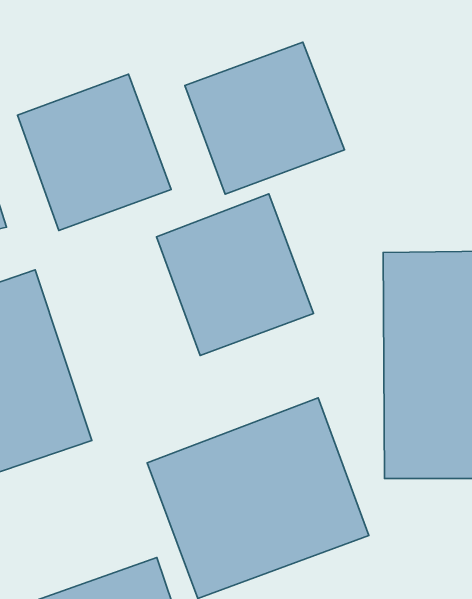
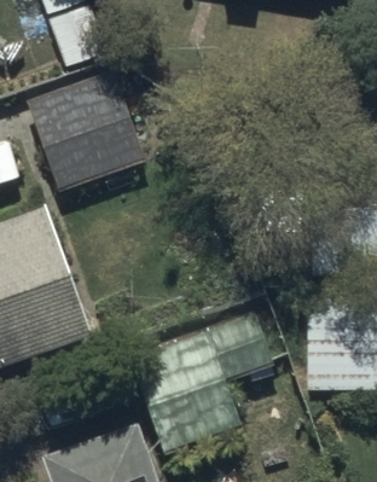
building: [185,42,344,194] -> none
building: [156,194,314,355] -> none

